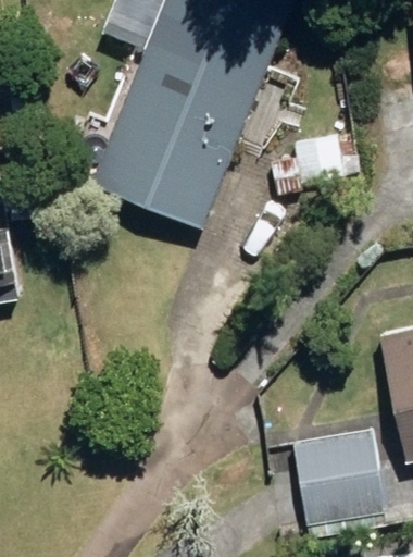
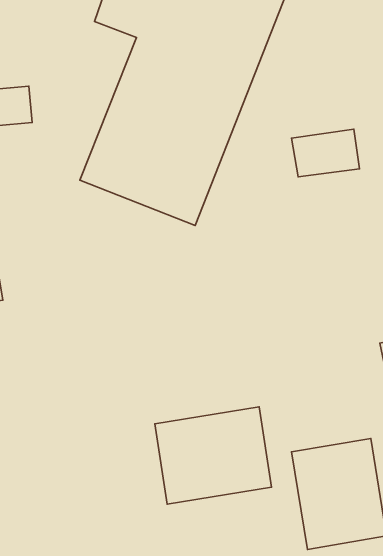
building: none -> [155,407,272,504]

